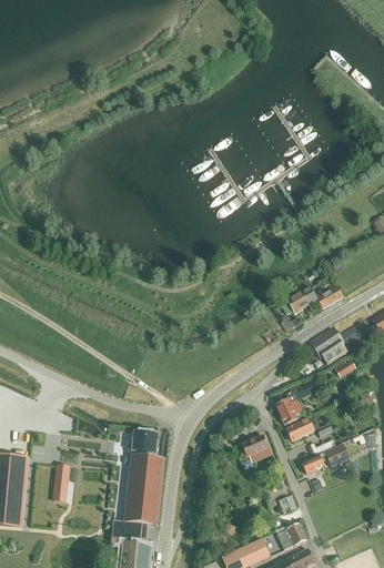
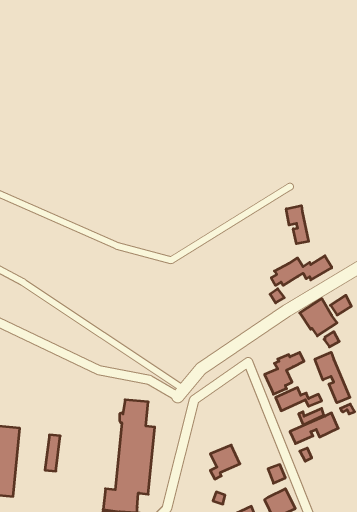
building: none -> [286,206,309,244]
building: none -> [315,352,350,403]
building: [241,435,271,469] -> [210,445,240,479]

